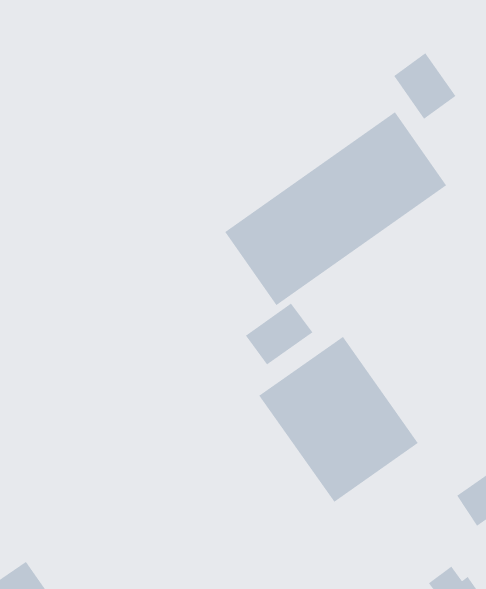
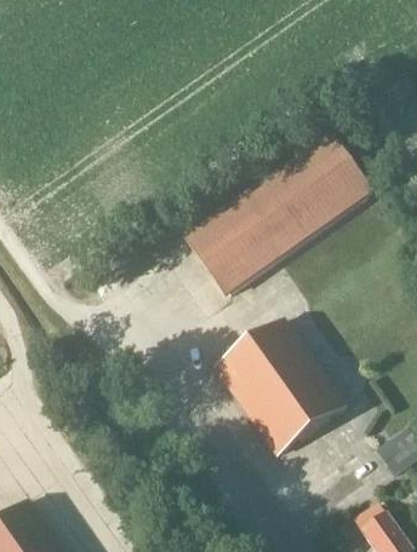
building: [393,52,456,120] -> none
building: [245,302,313,366] -> none

